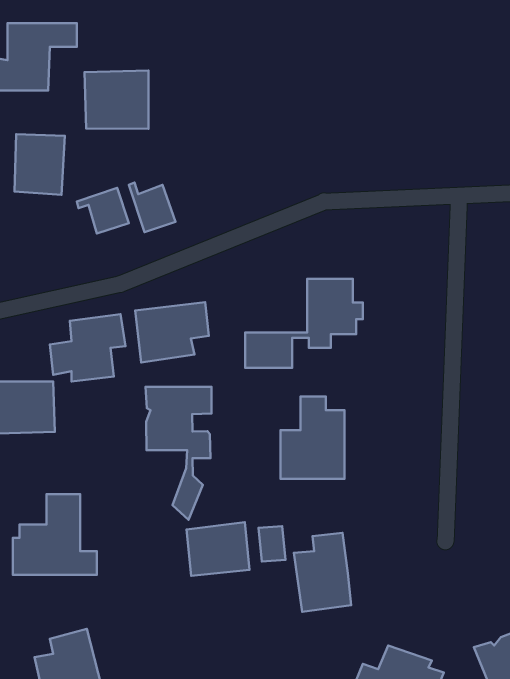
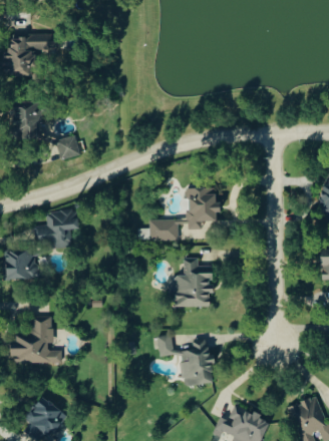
building: [84,71,149,129] -> none
building: [129,182,176,232] -> none
building: [135,302,209,362] -> none
building: [146,387,212,520] -> none
building: [187,522,249,576] -> none

